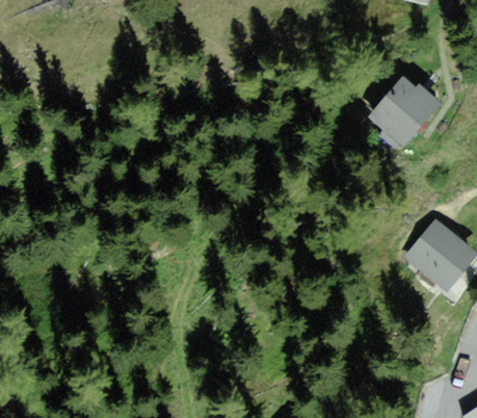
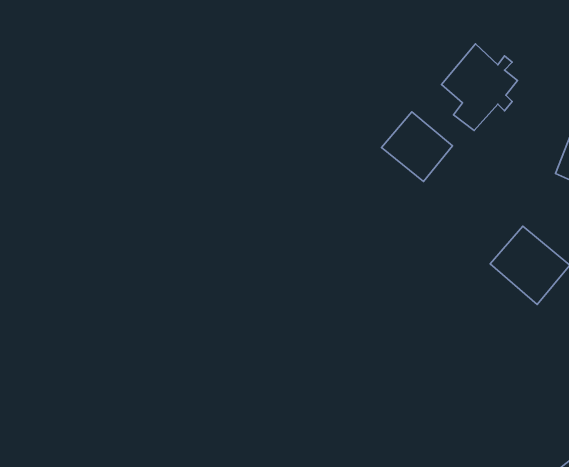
building: none -> [382,112,452,182]

